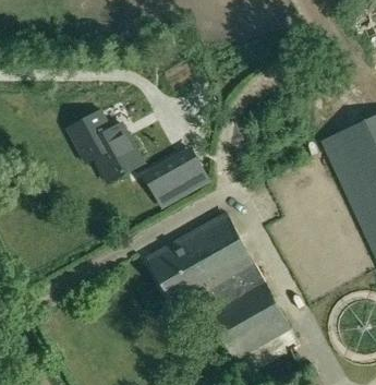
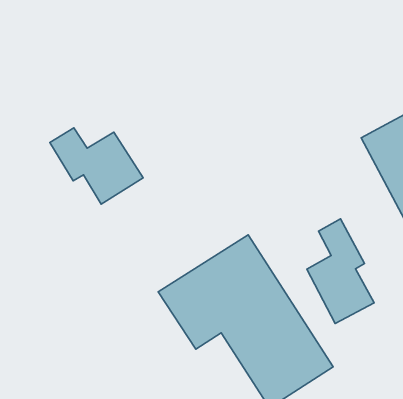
building: [148,157,206,205] -> none
building: none -> [307,219,374,323]

